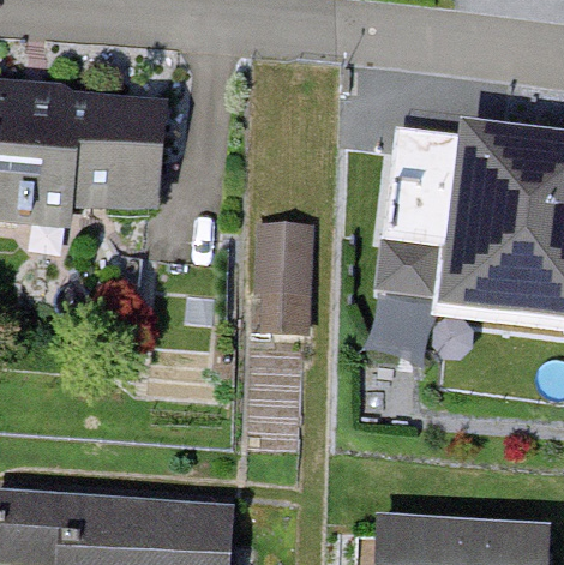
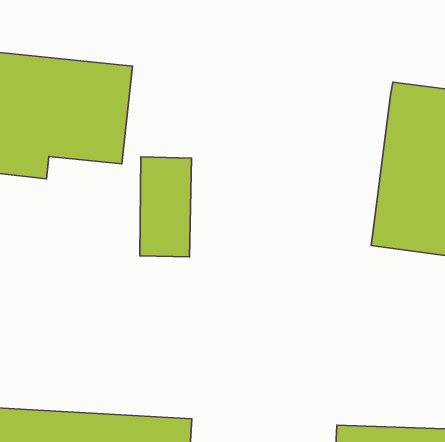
building: [373,136,454,302] -> none
building: [260,228,318,339] -> [140,157,192,257]

